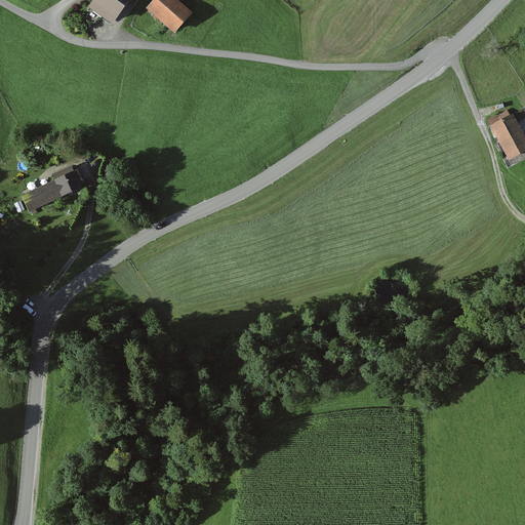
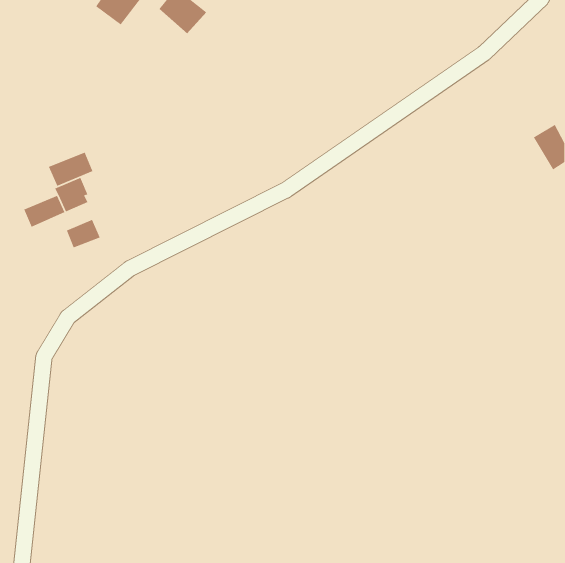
building: none -> [48,152,93,187]
building: none -> [66,219,101,249]

